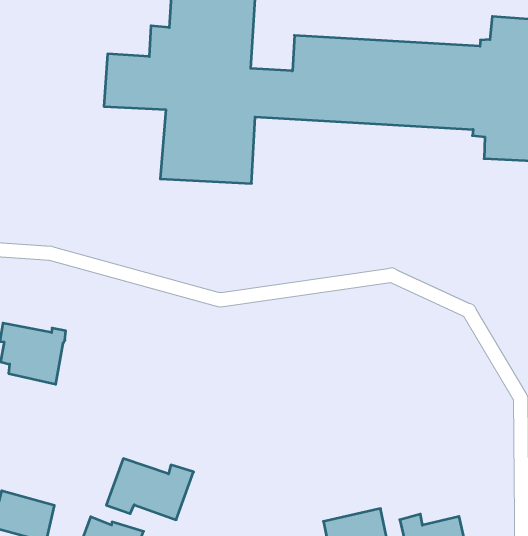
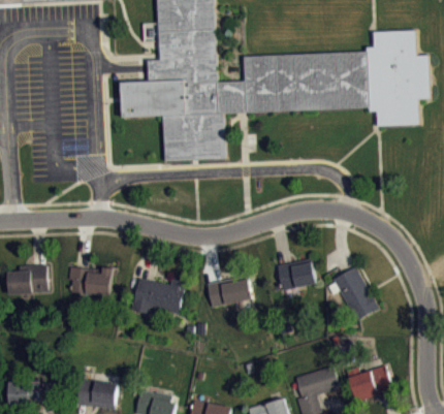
building: none -> [276,259,314,291]
building: none -> [204,276,251,308]
building: none -> [326,267,378,320]
building: [106,459,194,520] -> [129,278,185,315]

